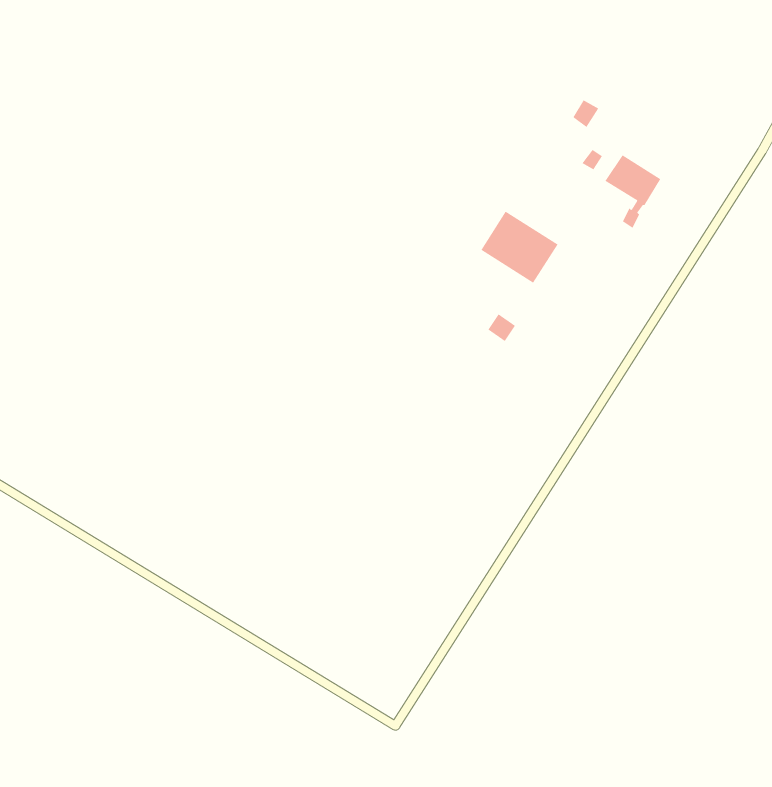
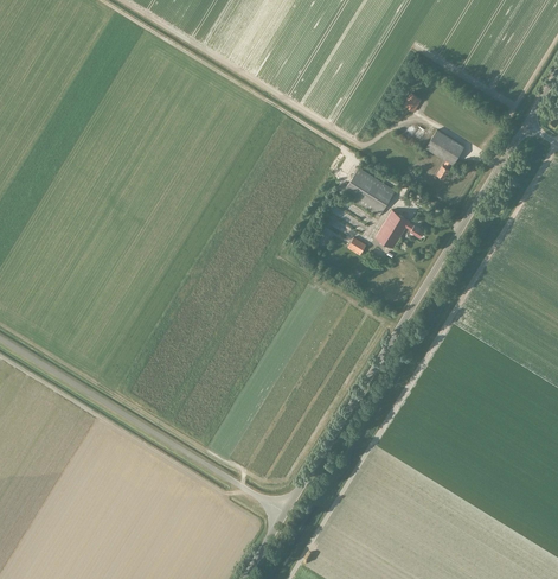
building: none -> [377,210,425,248]

